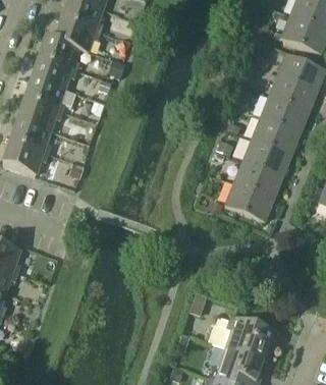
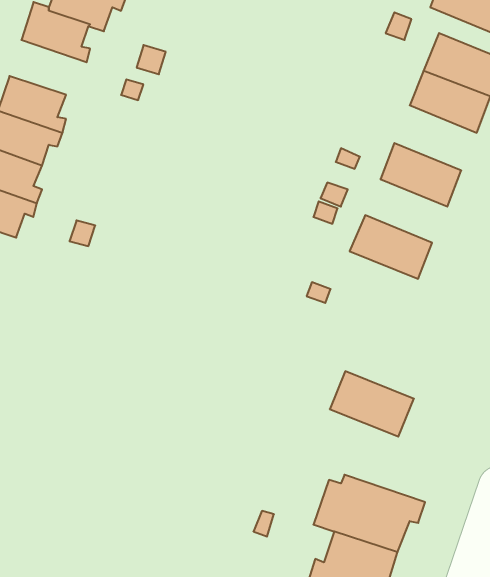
building: [32,57,77,90] -> none
building: [260,96,309,134] -> none
building: [242,140,291,177] -> none
building: [224,182,274,221] -> [330,371,414,437]

